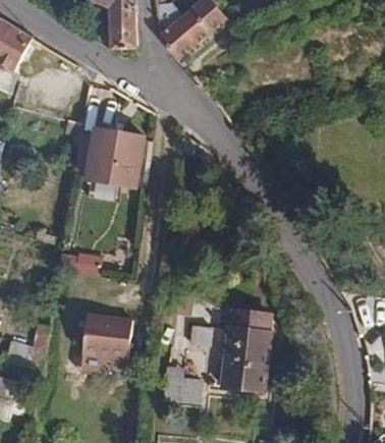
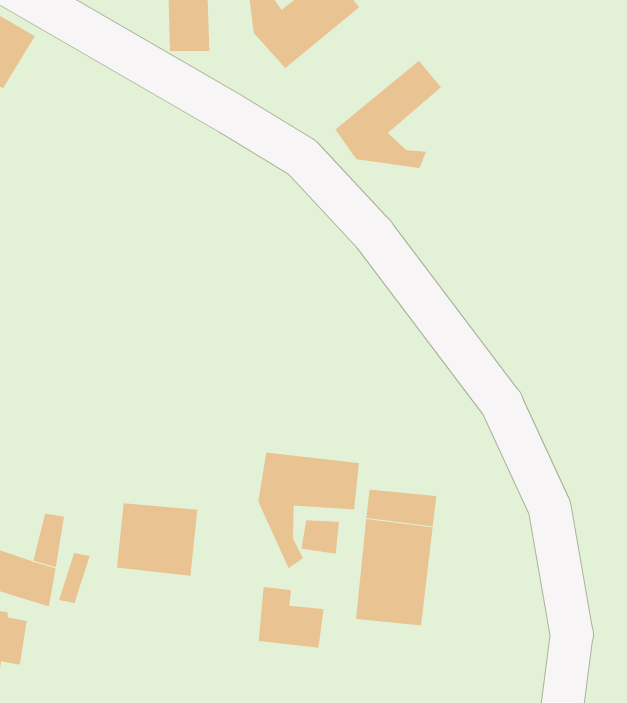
building: none -> [334,60,442,169]
building: [89,135,141,183] -> none
building: none -> [258,452,359,569]

